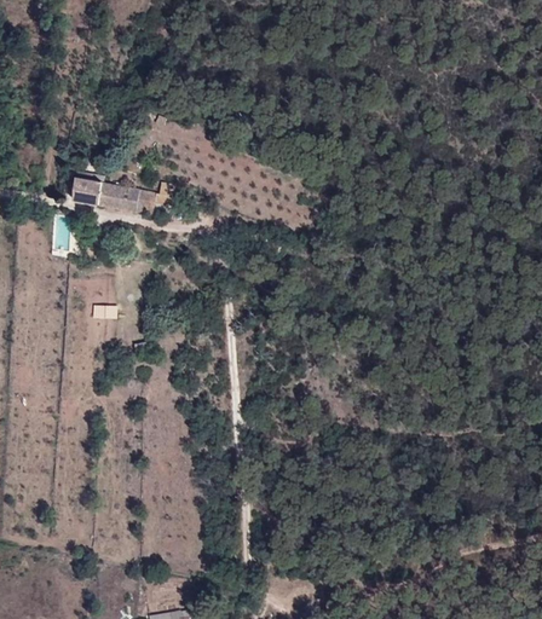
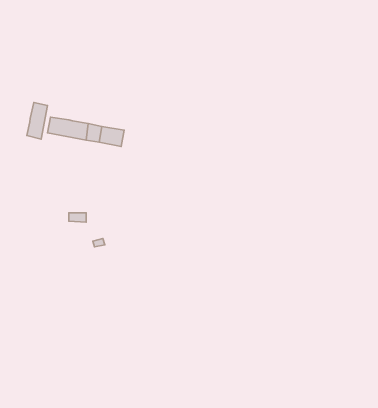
building: none -> [27,103,48,139]

